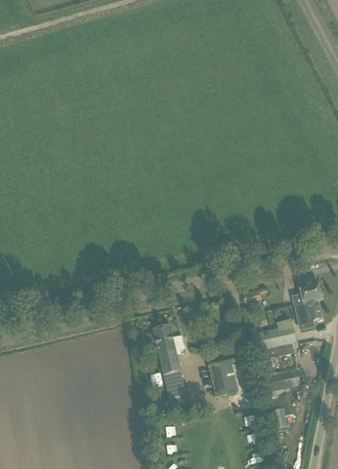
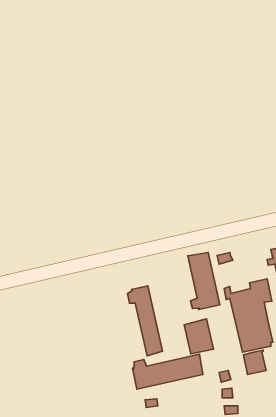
building: none -> [188,252,220,309]
building: none -> [132,354,203,389]

